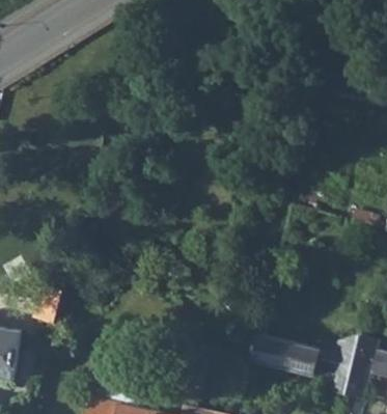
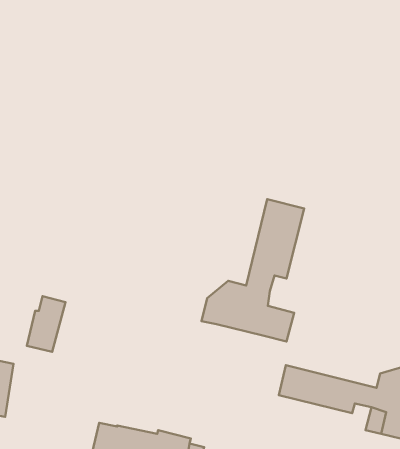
building: none -> [201,199,304,341]

